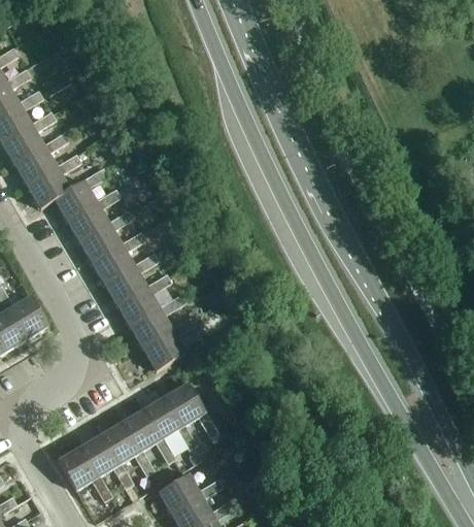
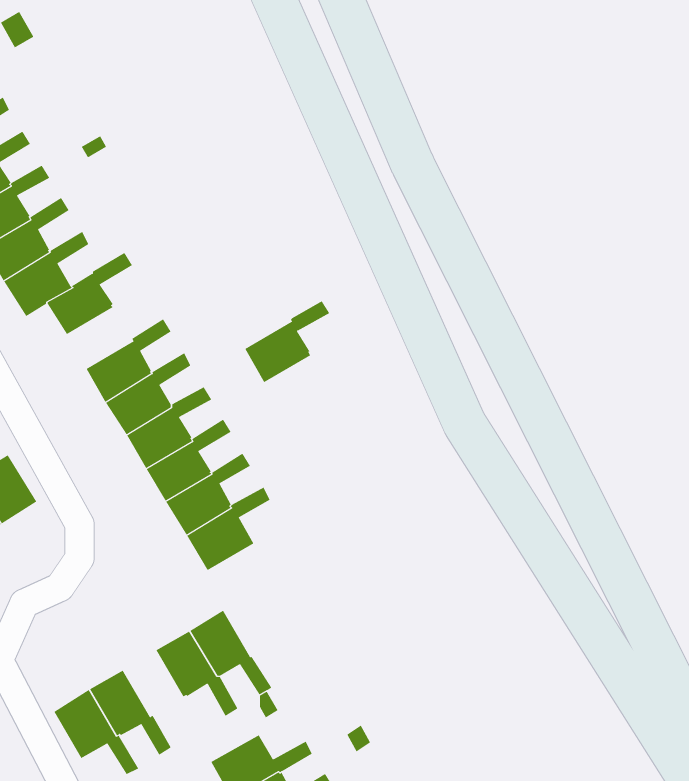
building: [66,189,121,241] -> [244,300,330,383]
building: [166,383,218,437] -> none
building: [102,421,155,475] -> none

